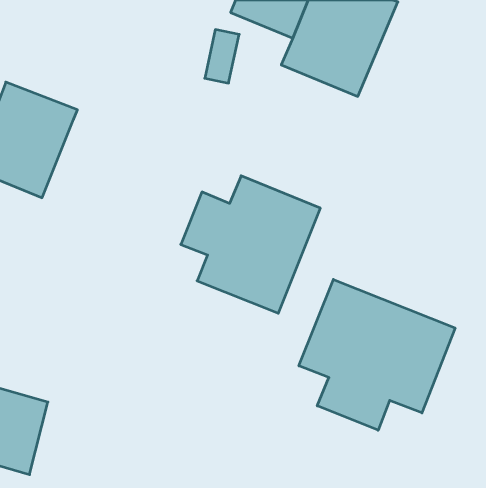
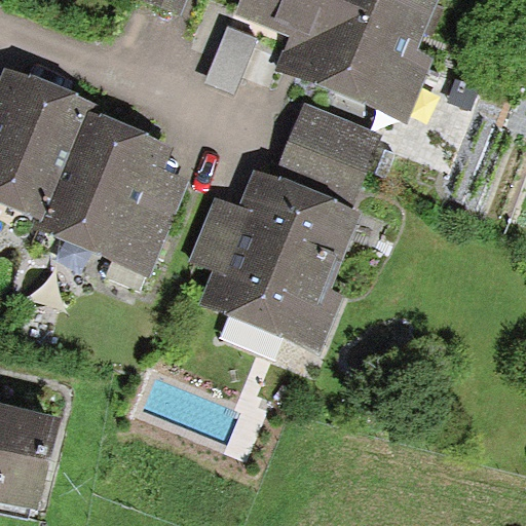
building: none -> [290,107,386,187]
building: none -> [40,128,183,267]
building: [299,279,455,430] -> none

